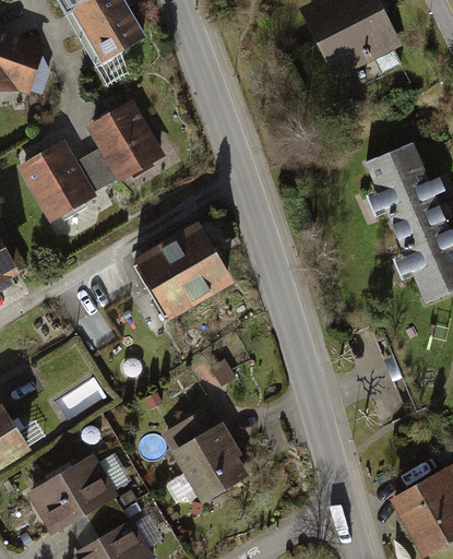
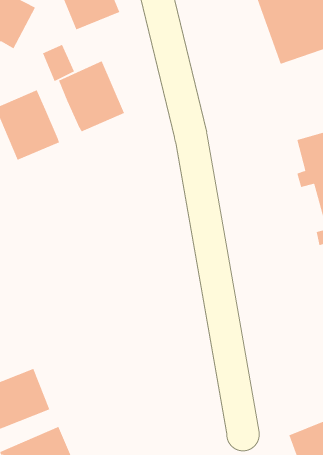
building: [75,147,115,191] -> [42,44,75,82]
building: [132,227,231,323] -> none
building: [163,402,253,501] -> none

